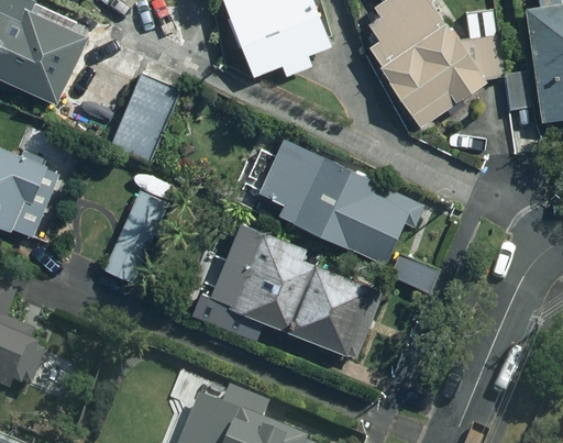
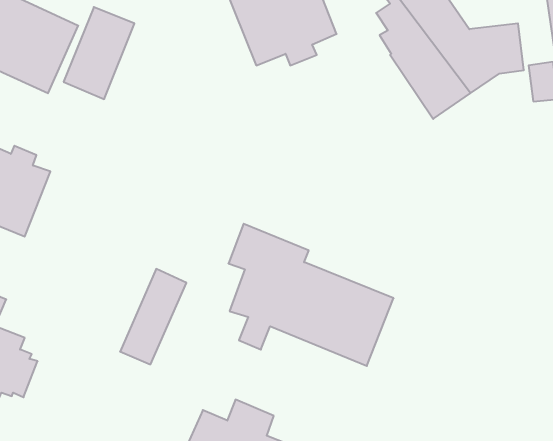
building: [111,75,178,162] -> [64,7,134,99]
building: [257,141,422,262] -> none
building: [106,191,168,281] -> [120,269,186,364]

